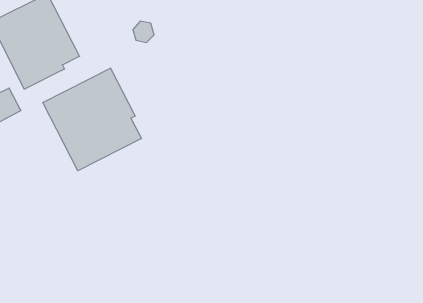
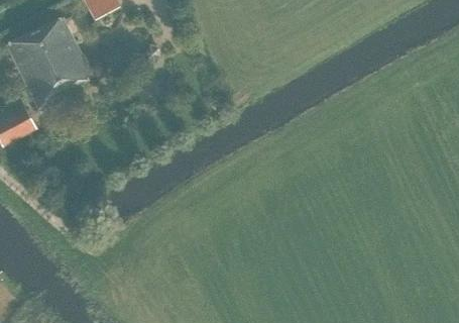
building: [43,68,141,171] -> none

